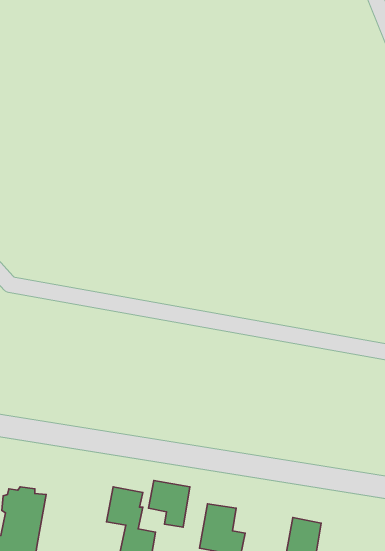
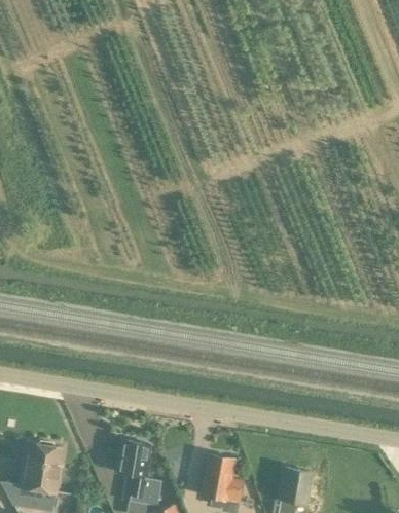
building: [148,480,190,527] -> none

